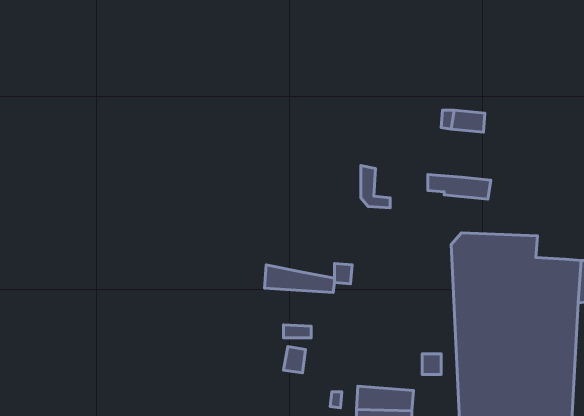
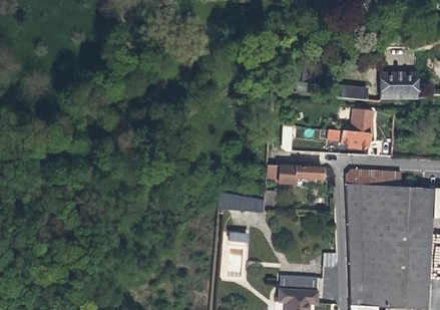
building: none -> [381,72,417,98]
building: none -> [352,107,374,132]
building: none -> [266,165,324,183]

